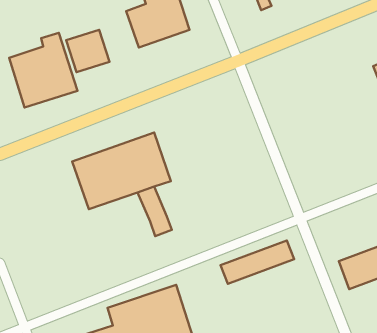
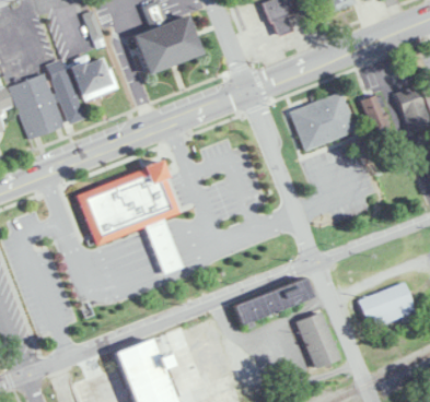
building: none -> [291,93,356,149]
building: none -> [362,95,388,129]
building: none -> [297,311,339,367]

